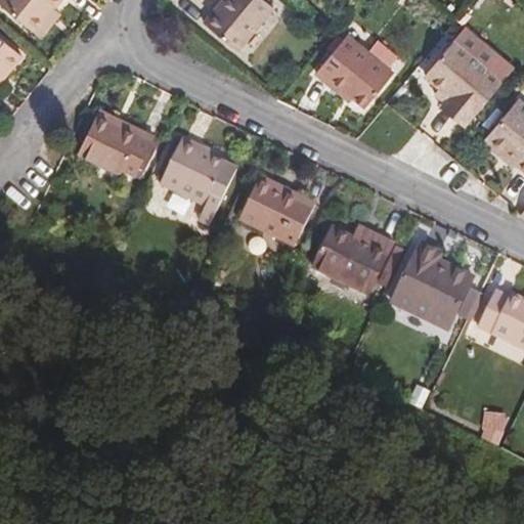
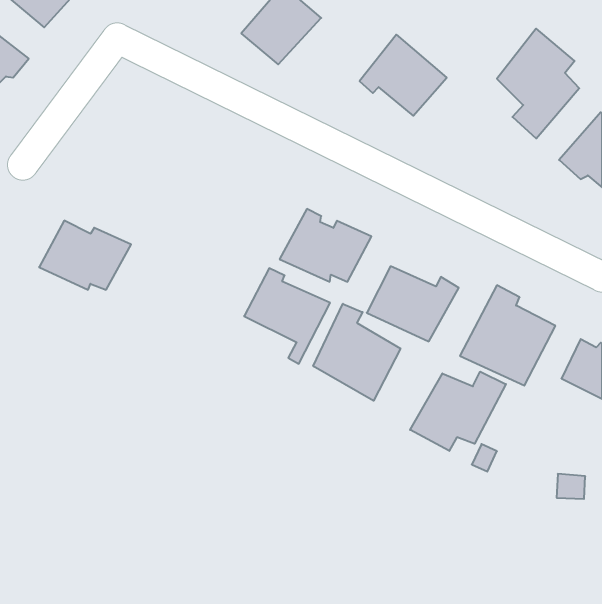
building: [81,114,160,173] -> [39,221,131,290]
building: [166,142,239,224] -> [244,268,330,364]
building: none -> [313,304,400,401]
building: none -> [410,372,506,451]

